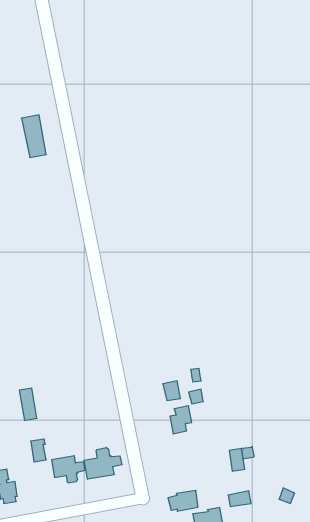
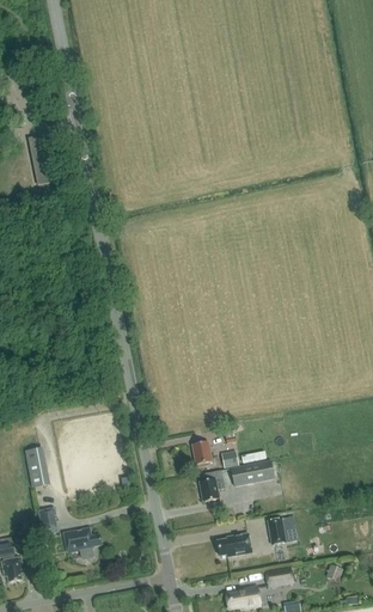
building: none -> [231,460,275,486]
building: [84,447,122,479] -> none
building: [168,490,198,511] -> [216,533,251,557]

